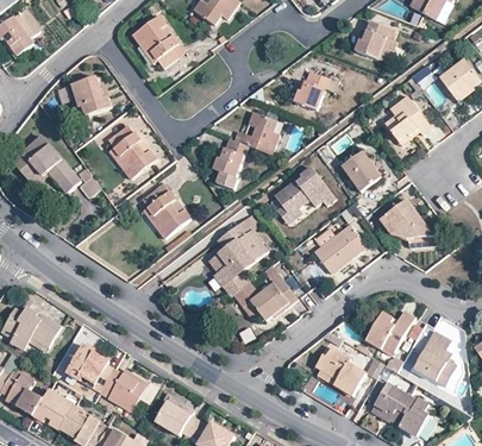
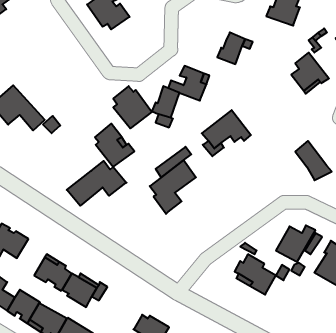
building: [70,76,111,114] -> none
building: [107,125,155,177] -> [113,86,152,128]
building: [342,150,384,191] -> none
building: [378,199,434,237] -> none
building: [313,224,365,274] -> none
building: none -> [67,161,127,206]
building: [232,274,296,320] -> none
building: [371,383,428,435] -> none
building: [155,391,200,436] -> none

